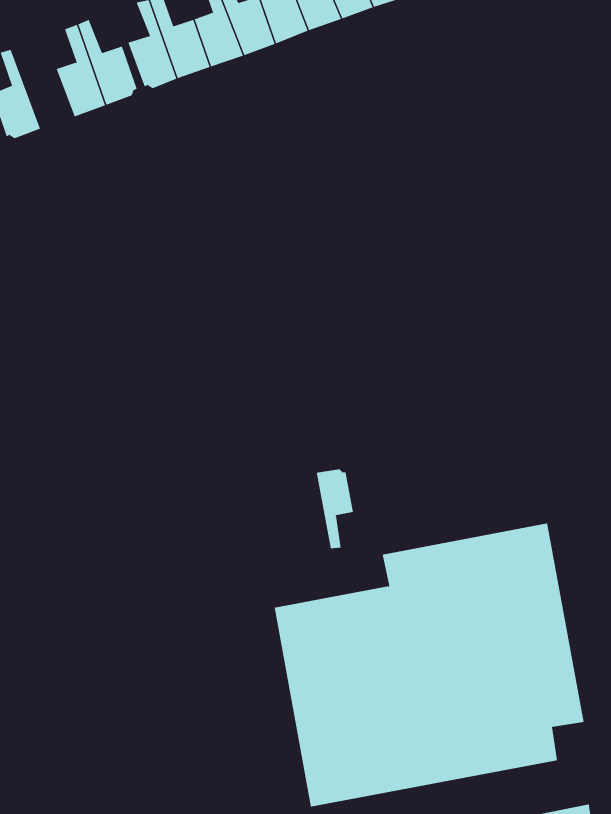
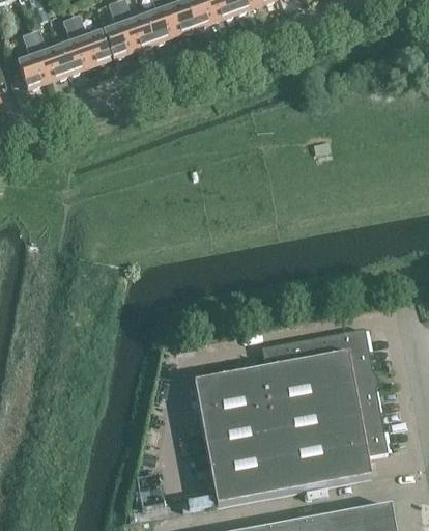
building: none -> [31,28,70,81]
building: [316,468,354,549] -> none

